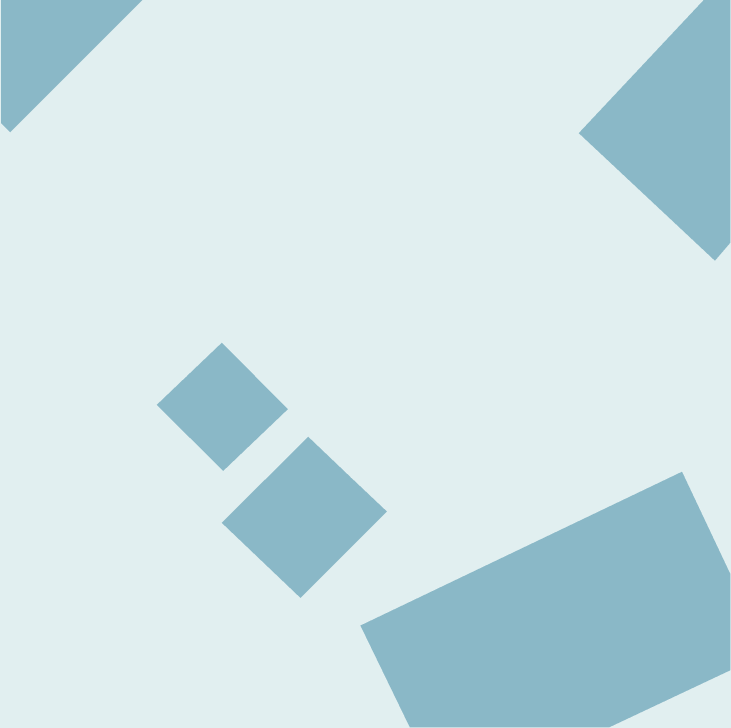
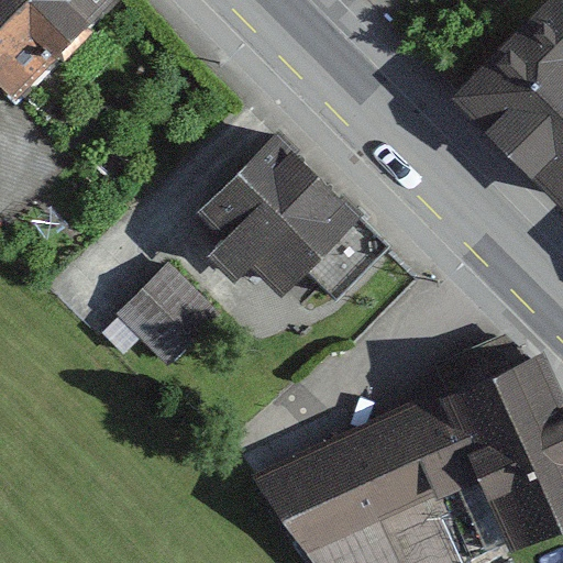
building: none -> [196,133,390,297]
building: [221,436,388,599] -> none

